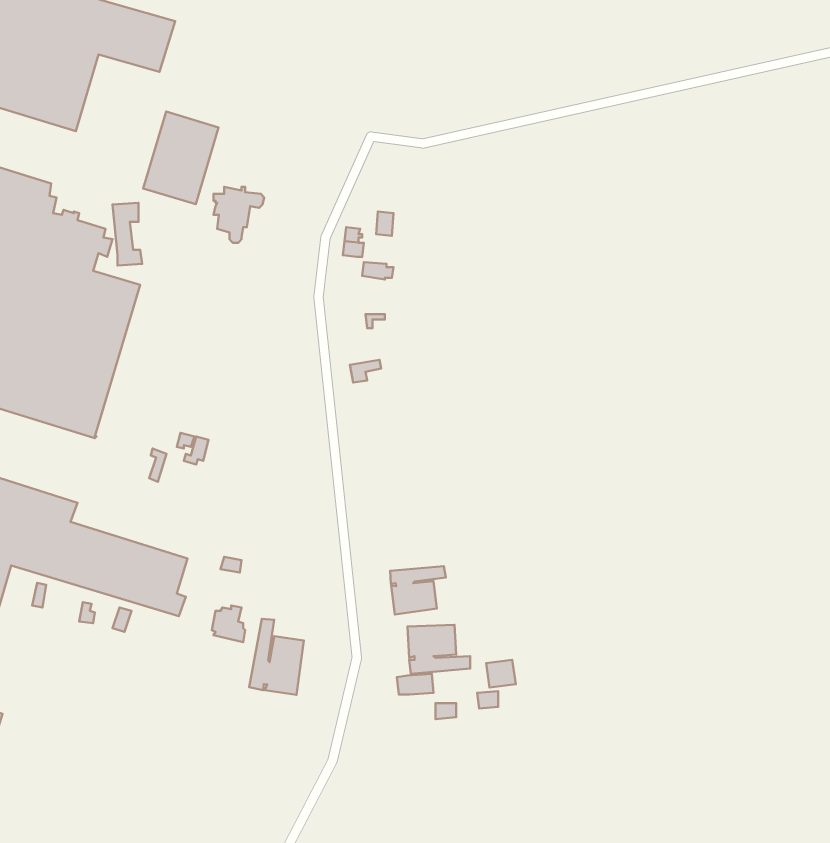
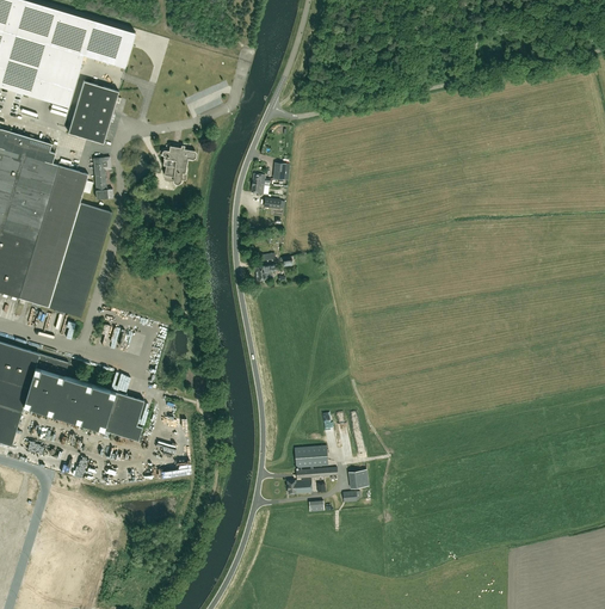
building: [143,112,218,204] -> [66,80,117,143]
building: [390,566,446,614] -> none
building: [249,619,304,695] -> none

